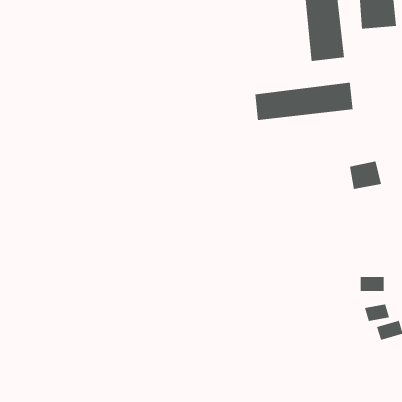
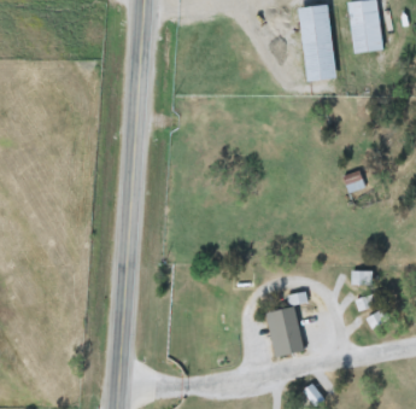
building: [255,82,353,121] -> none
building: none -> [259,312,293,361]

